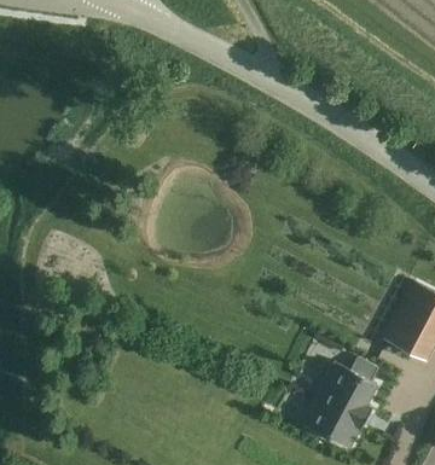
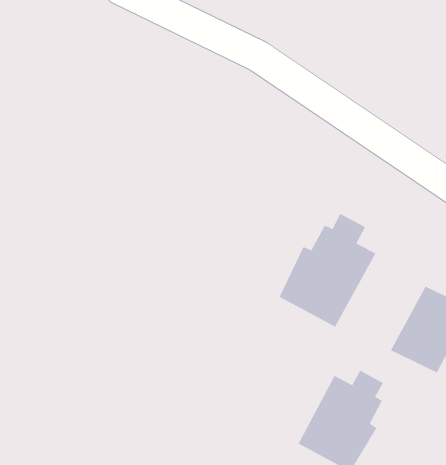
building: none -> [279,213,376,328]

